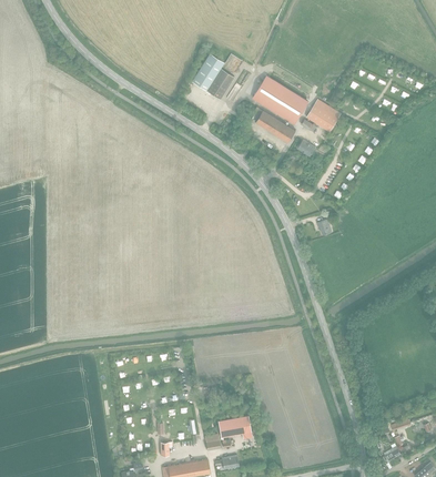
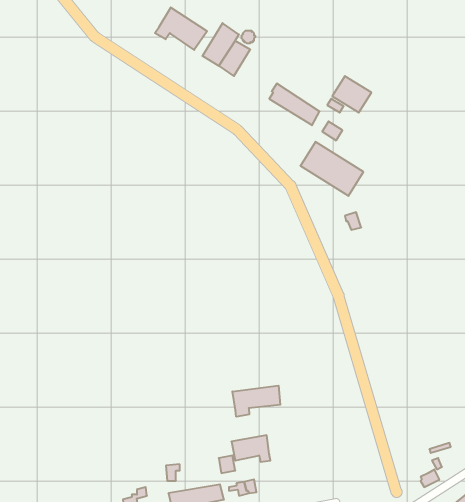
building: none -> [155,7,207,50]
building: [253,77,308,124] -> [300,142,363,196]
building: none -> [232,386,280,417]

